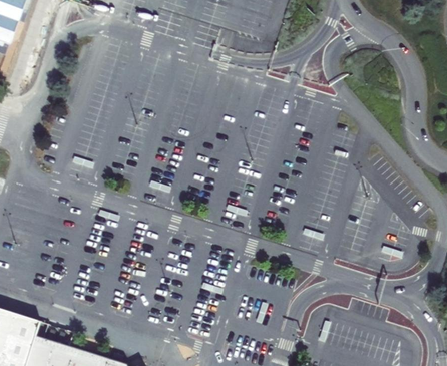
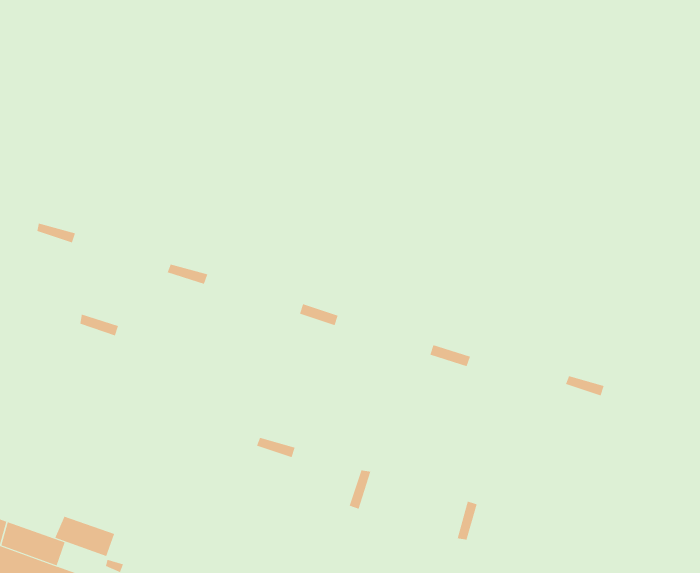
building: none -> [55,516,115,557]

